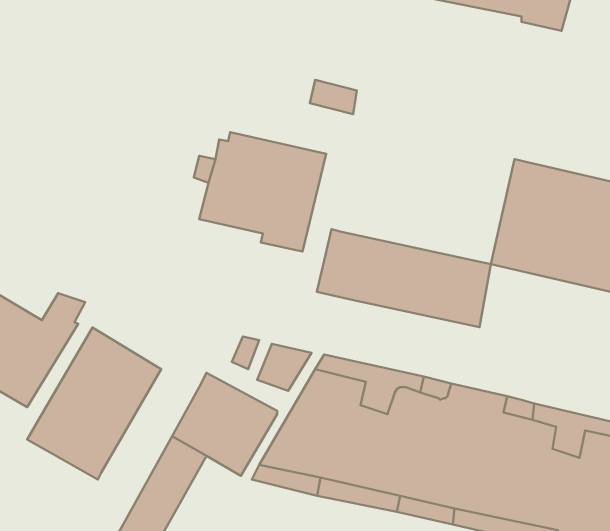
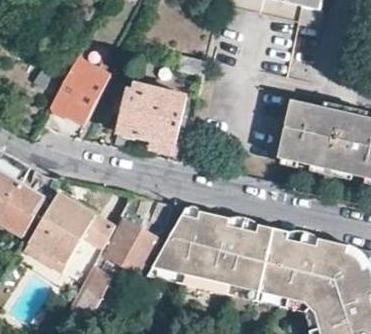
building: none -> [50,55,112,123]
building: [317,229,491,327] -> none

